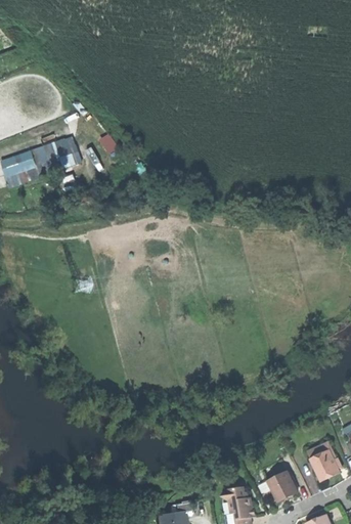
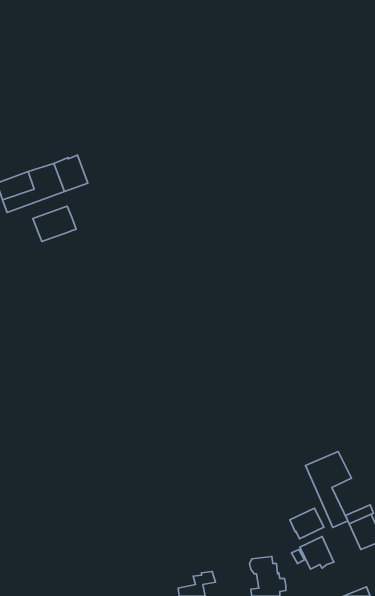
building: none -> [33,206,76,242]
building: none -> [306,451,351,527]
building: none -> [290,508,324,539]

